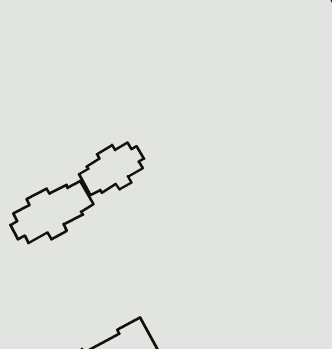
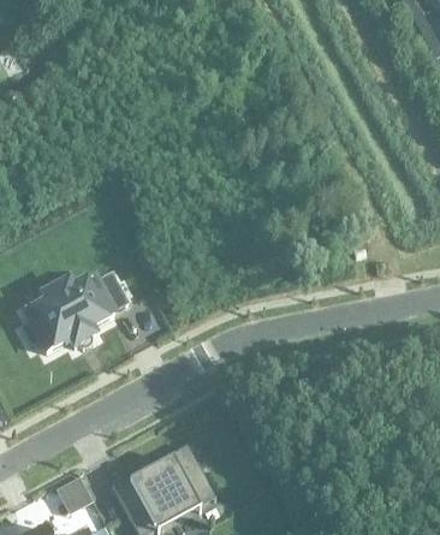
building: [79,143,144,195] -> none

